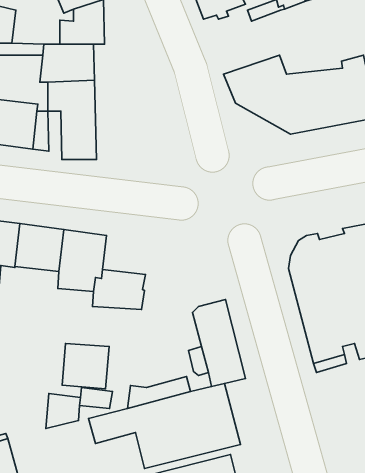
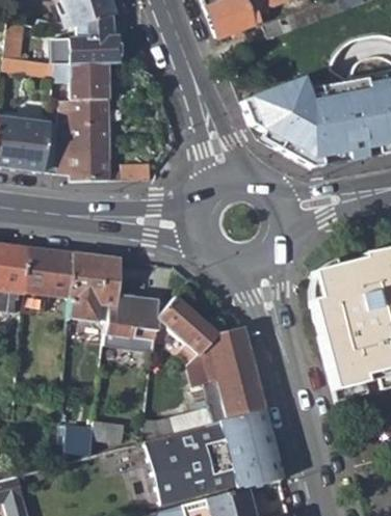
building: none -> [158,298,216,353]
building: [62,343,109,389] -> none
building: none -> [243,409,282,478]

